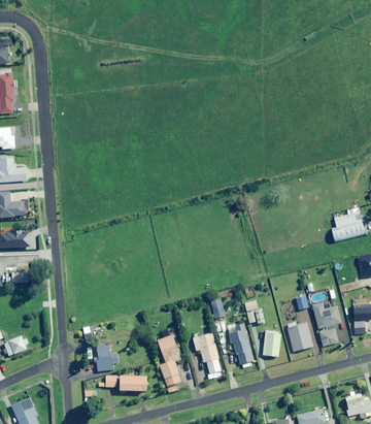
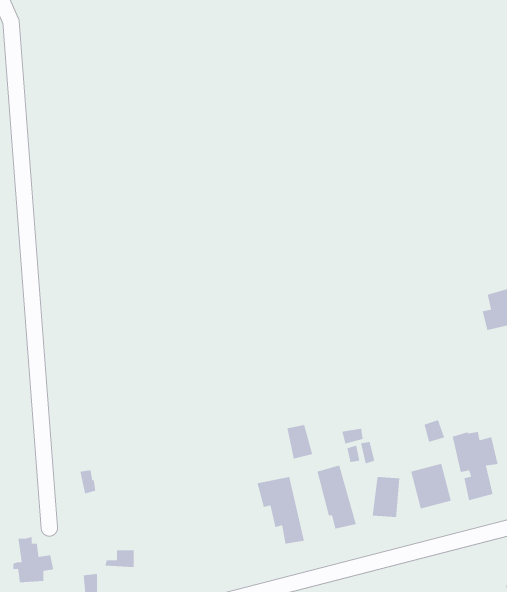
building: [157,334,181,386] -> none
building: [95,341,121,370] -> [13,536,54,583]
building: [120,376,146,390] -> none

